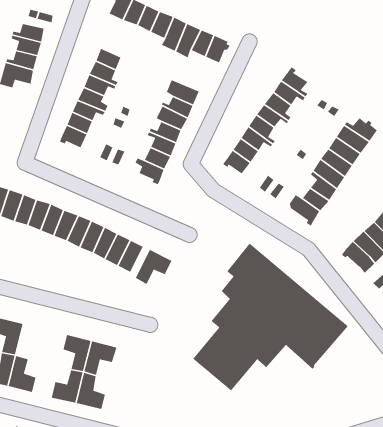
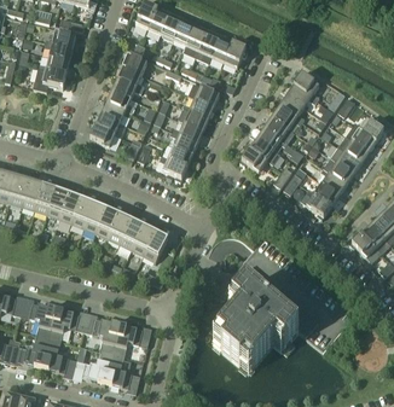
building: [135,249,173,285] -> none
building: none -> [48,309,79,342]

